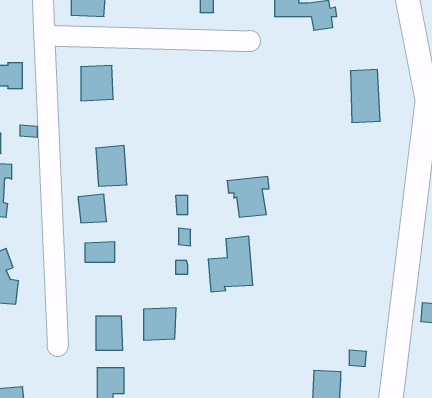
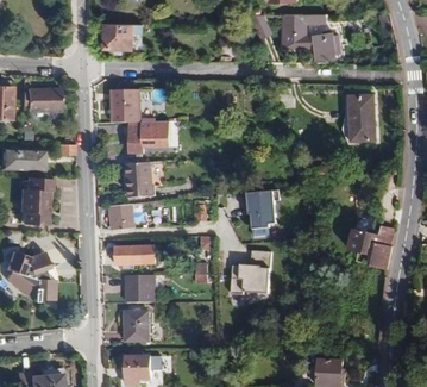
building: none -> [130,121,157,154]
building: none -> [347,226,393,270]
building: [144,308,176,340] -> [126,275,155,304]

